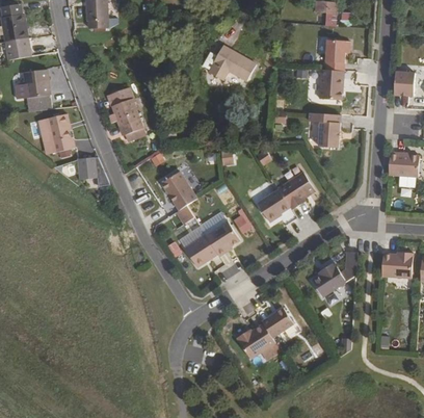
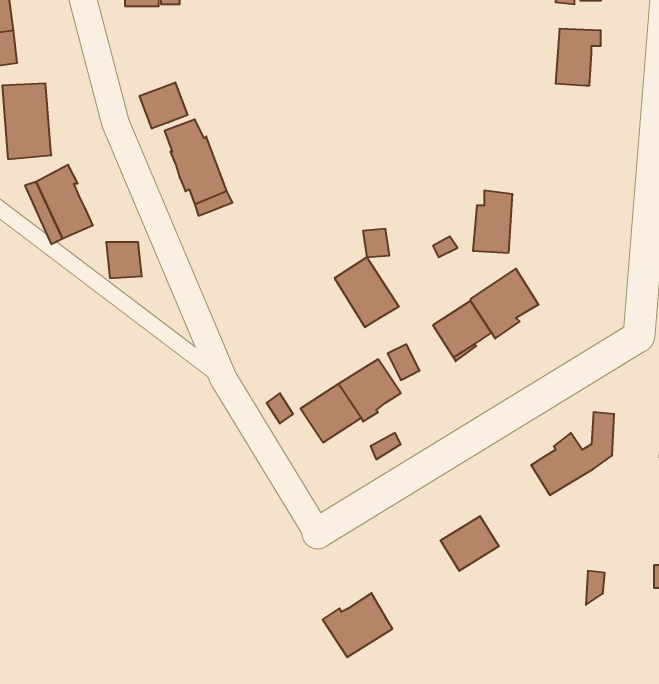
building: [208,42,255,78] -> none
building: none -> [140,82,188,129]
building: [319,70,342,100] -> none
building: [318,113,340,148] -> [473,190,513,253]
building: [161,172,196,210] -> [335,257,399,327]
building: [236,323,274,359] -> [323,593,392,657]

